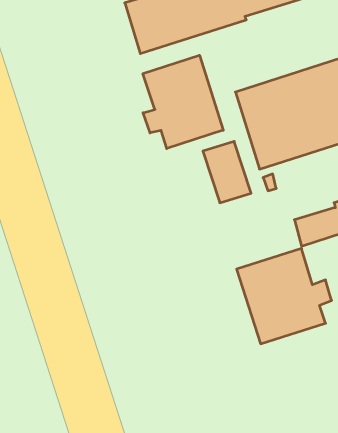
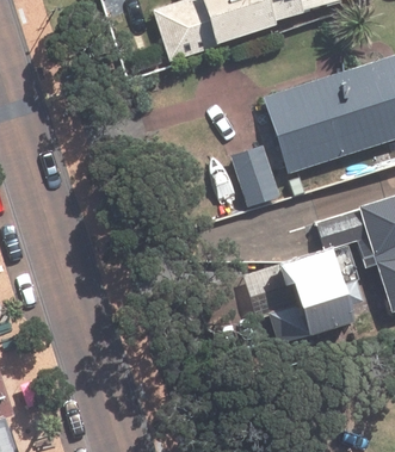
building: [143,55,223,149] -> none

